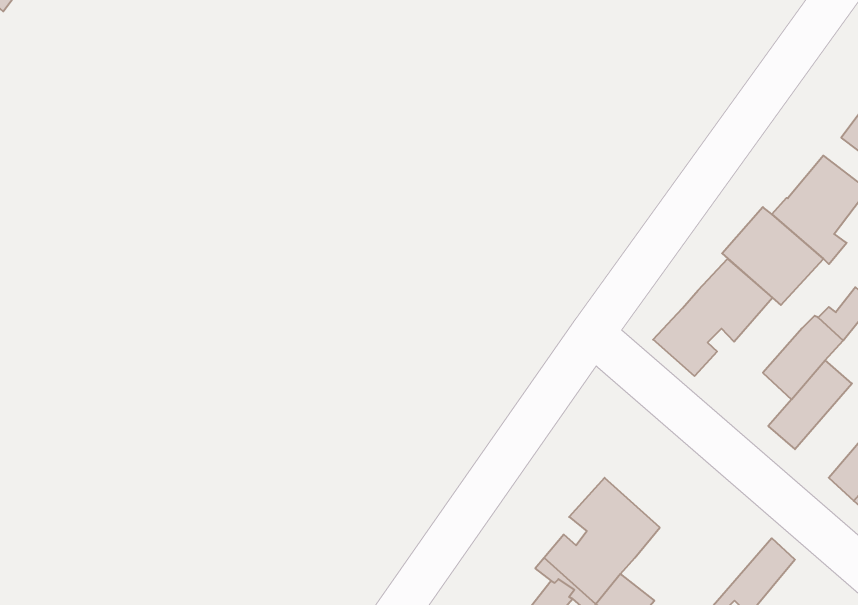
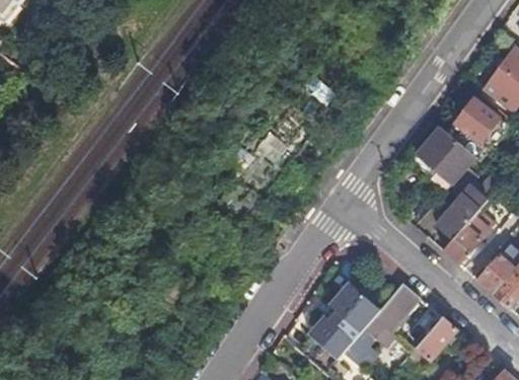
building: [653,259,772,376] -> none
building: none -> [365,283,418,337]

